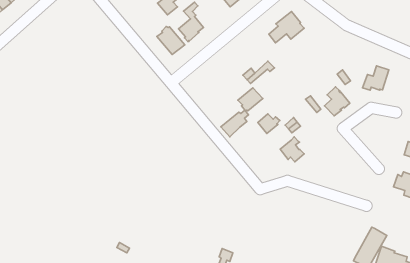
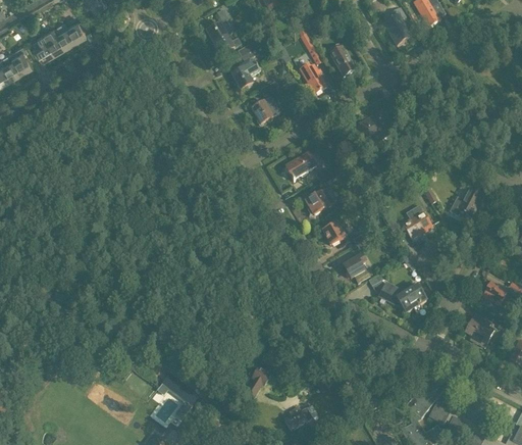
building: [157,27,185,55] -> none
building: [221,110,248,137] -> [284,152,318,180]
building: none -> [368,269,426,312]

